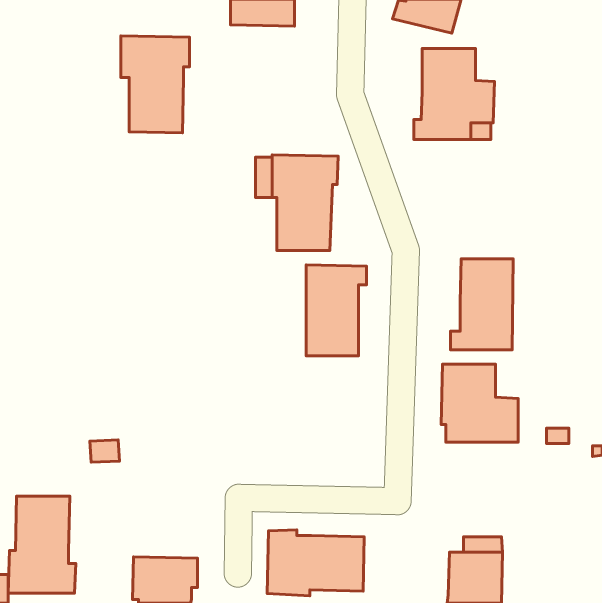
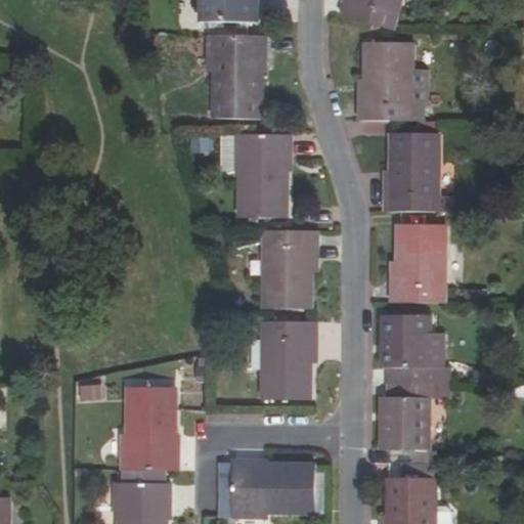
building: [121,36,189,133] -> [207,35,266,119]
building: none -> [383,134,452,212]
building: none -> [264,321,317,399]
building: none -> [381,383,439,449]
building: [8,496,76,593] -> [121,387,179,471]

